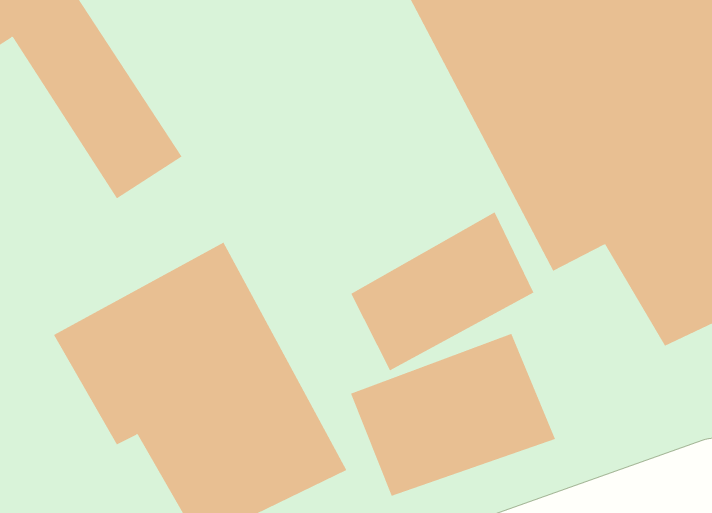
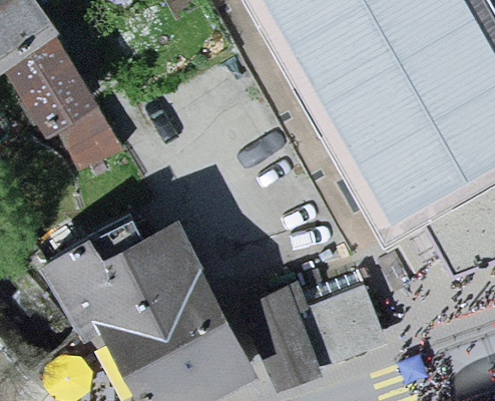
building: [350,212,534,371] -> none

